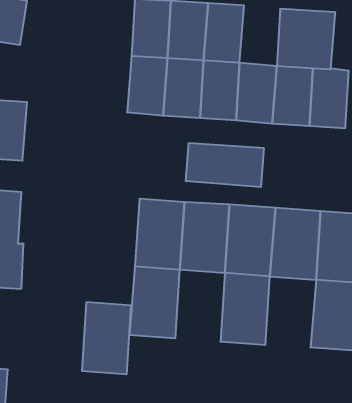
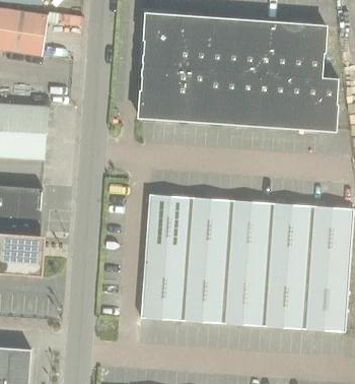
building: none -> [239,19,276,74]
building: [186,143,264,187] -> none
building: none -> [263,264,308,328]
building: [82,302,131,374] -> [182,258,226,323]

